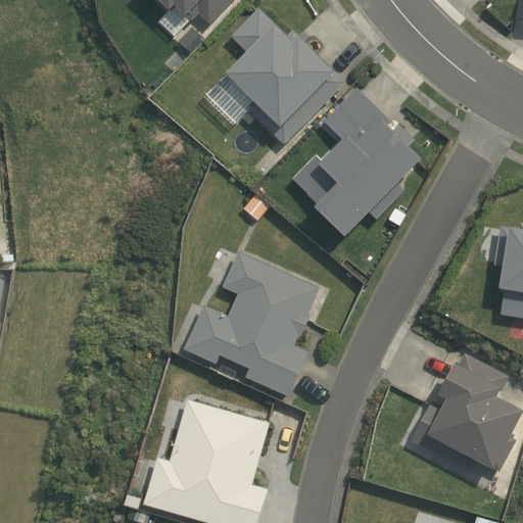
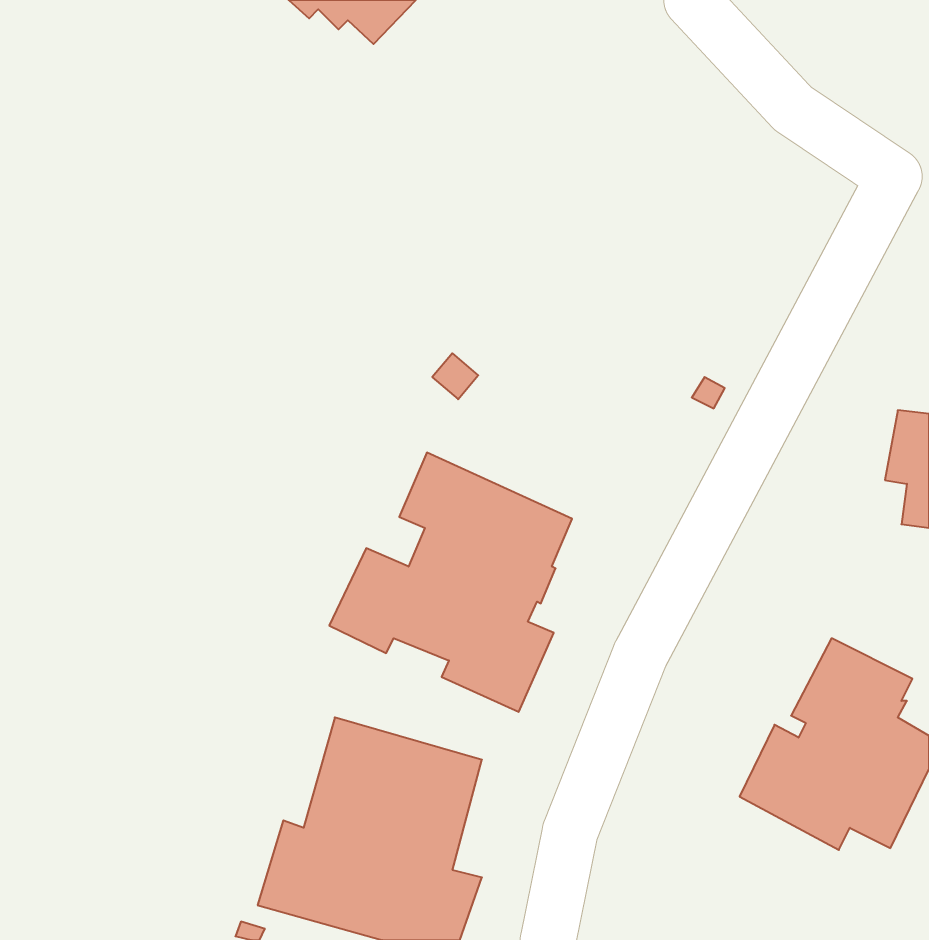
building: [228,8,342,146] -> none
building: [318,89,422,237] -> none

